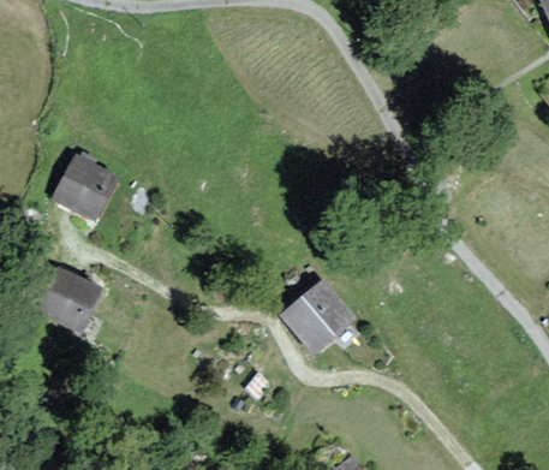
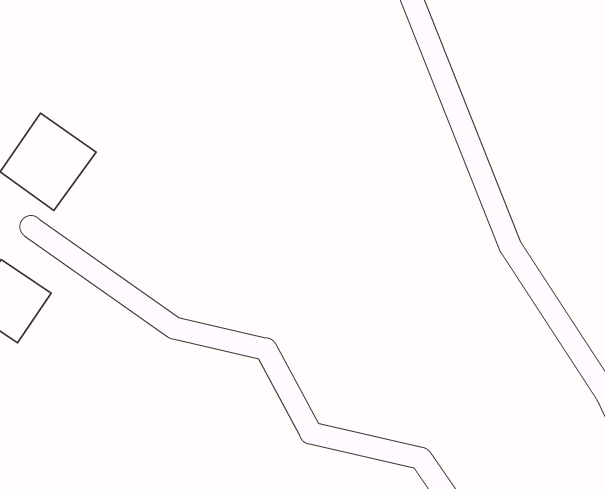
building: [282,279,352,349] -> none

